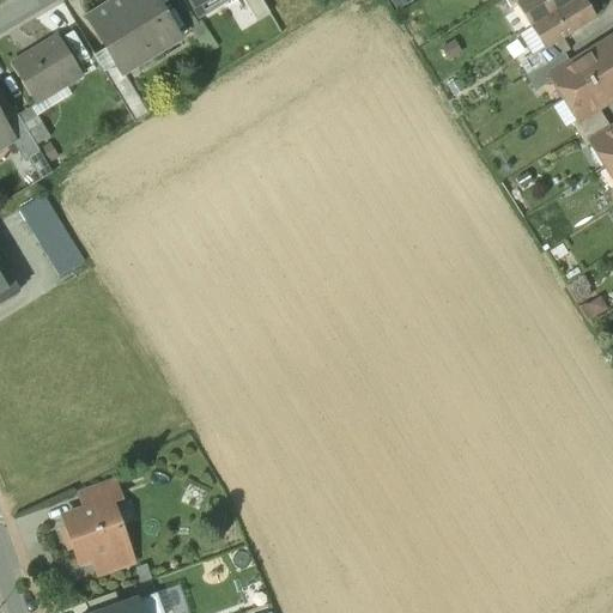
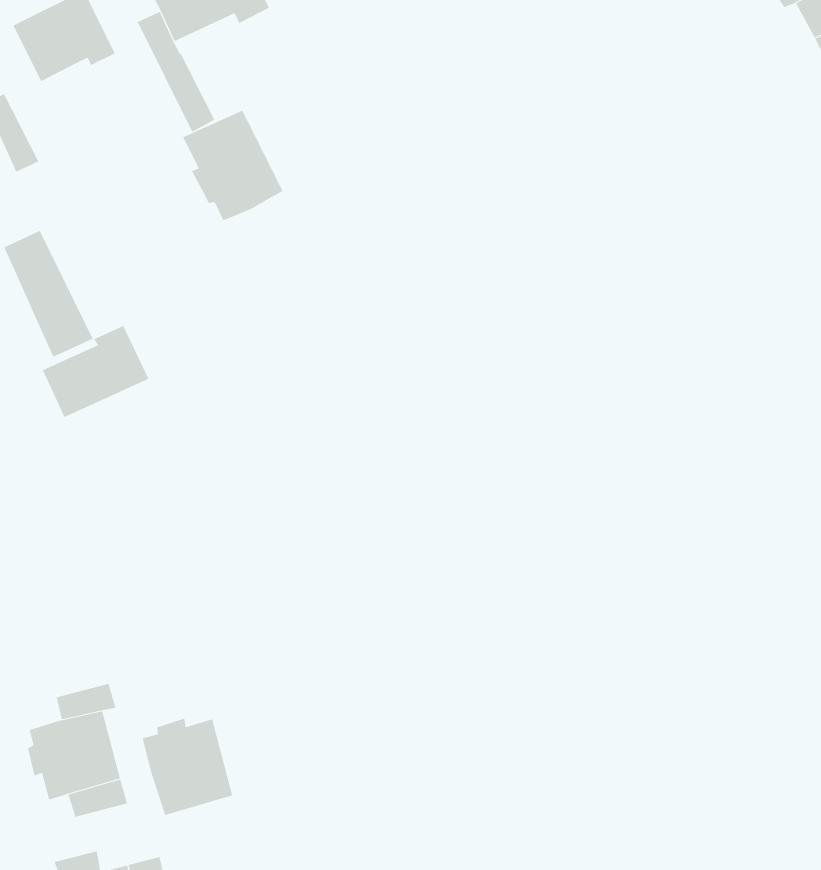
building: none -> [182,110,283,221]
building: none -> [42,325,149,418]
building: none -> [142,718,233,816]

